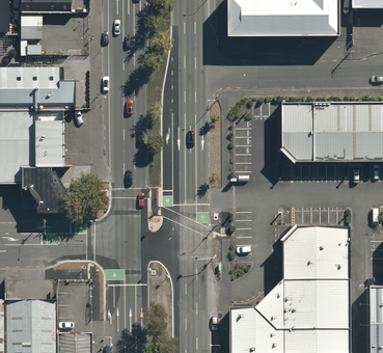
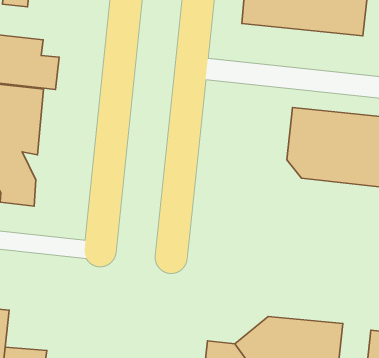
building: [280,229,346,284] -> none

